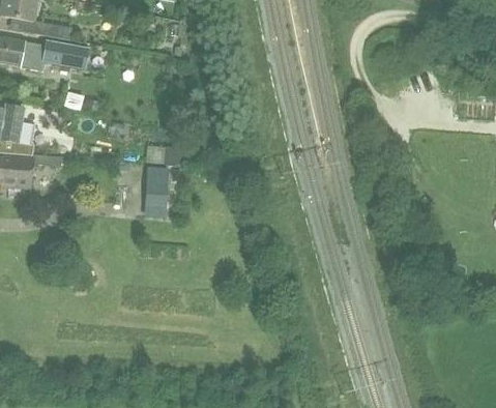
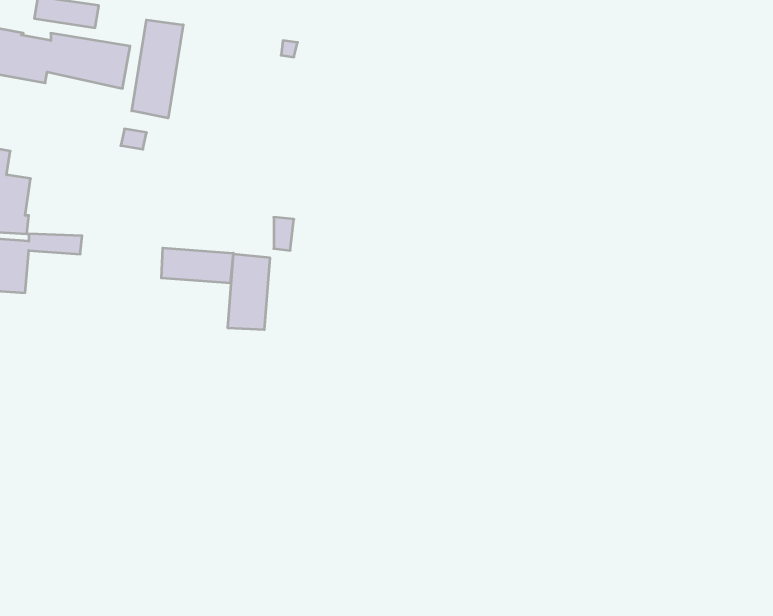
building: none -> [132,20,183,118]
building: none -> [161,248,233,283]

